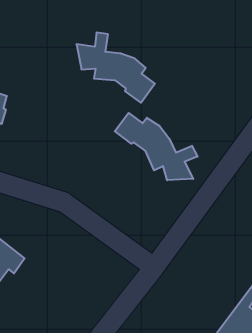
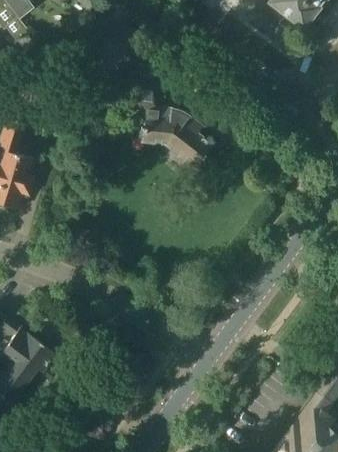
building: [115,113,198,180] -> none

